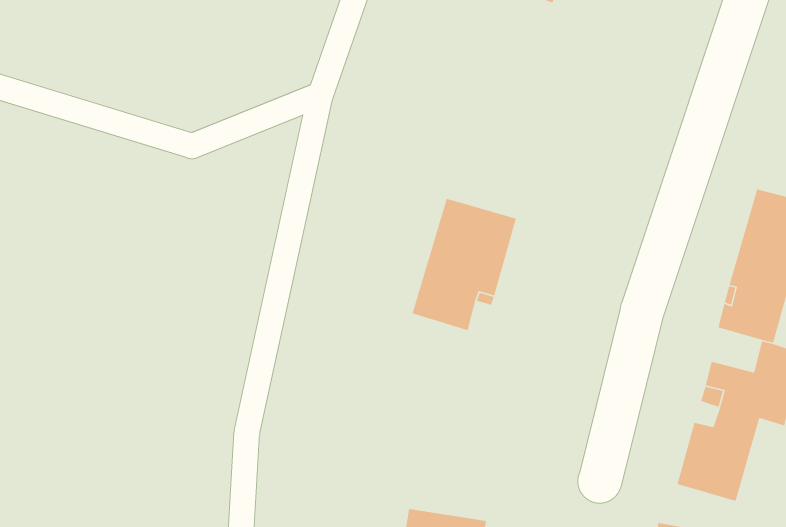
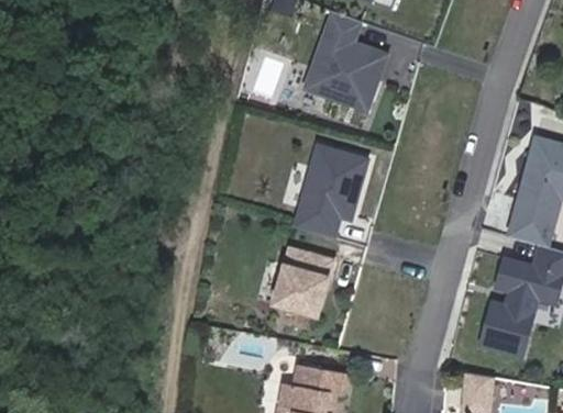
building: none -> [305,11,388,111]
building: none -> [273,249,332,317]

